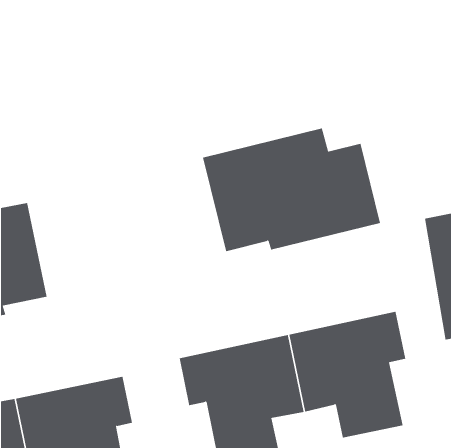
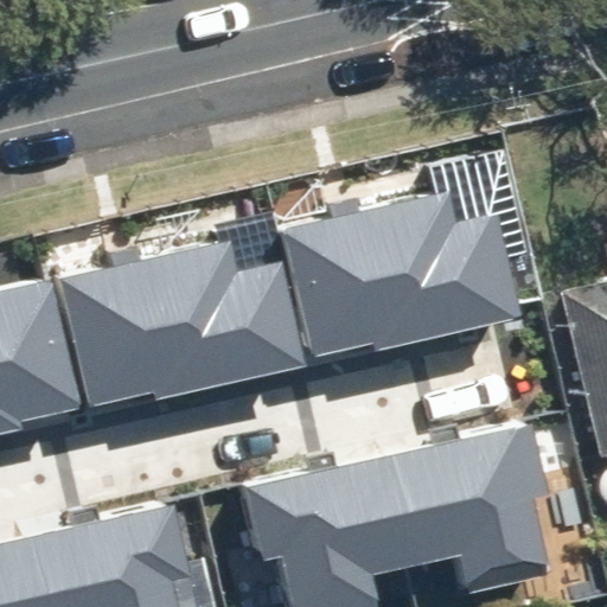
building: none -> [63,242,295,401]

